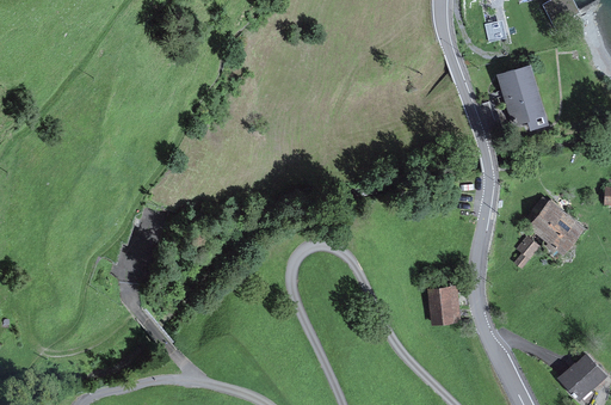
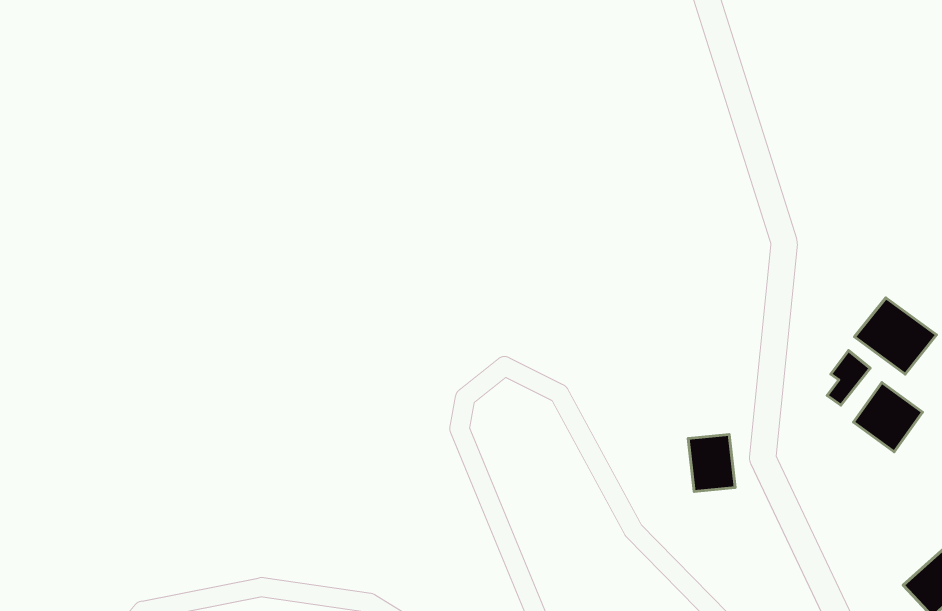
building: [500,65,544,124] -> none
building: none -> [854,382,923,452]

